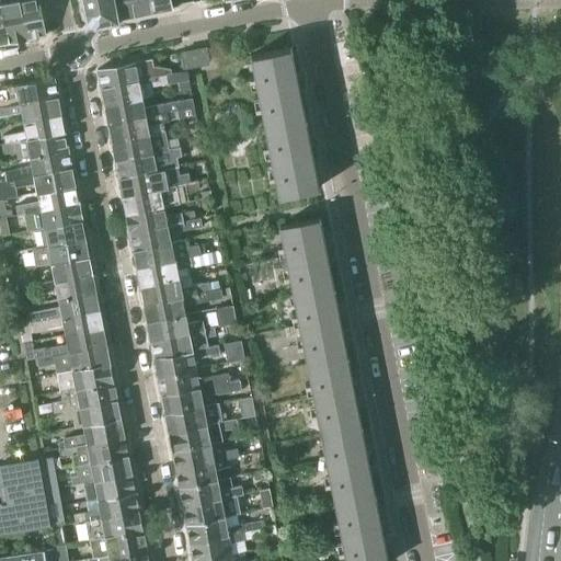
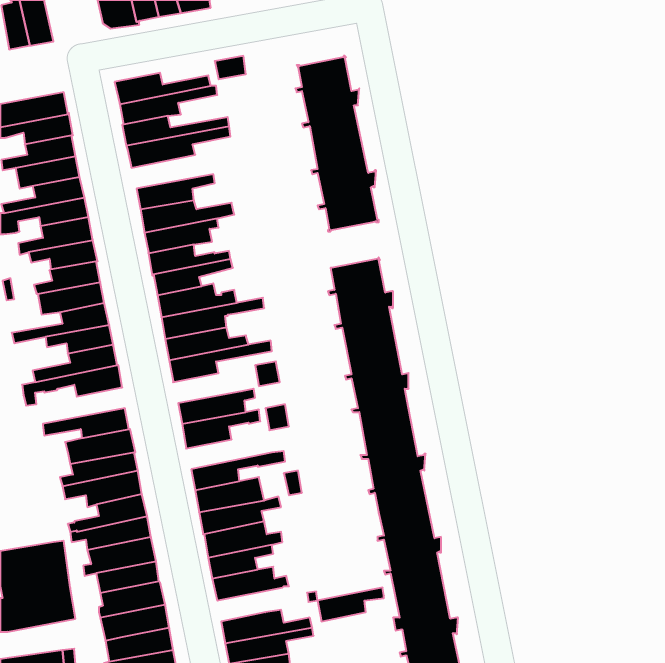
building: [111,131,168,160] -> none
building: [146,316,204,342] -> none
building: [22,328,105,360] -> none
building: [157,371,229,397] -> none
building: [183,496,239,525] -> [318,588,384,621]

